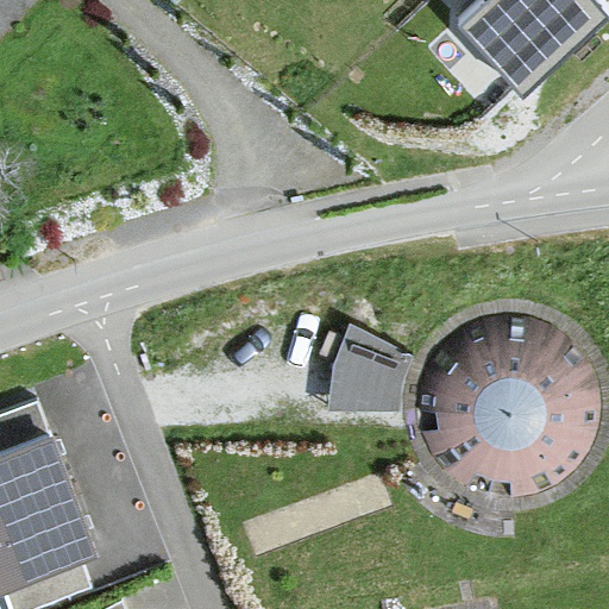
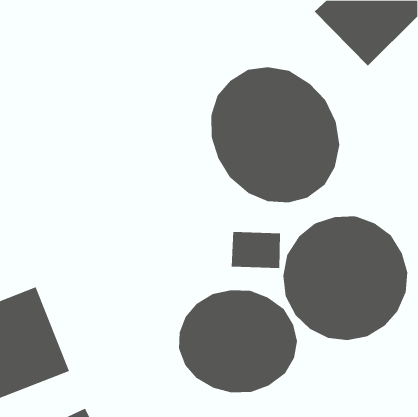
building: none -> [211,66,340,203]
building: none -> [179,290,298,393]

